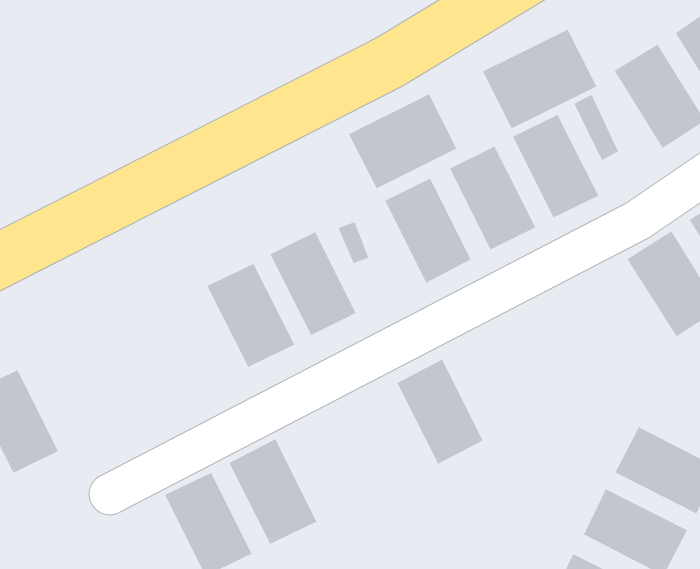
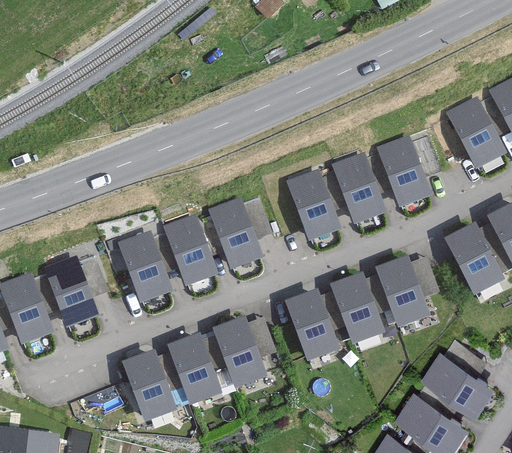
building: [482,29,597,129] -> none
building: [348,93,457,189] -> none
building: none -> [372,258,427,327]
building: none -> [119,233,174,302]
building: none -> [329,275,383,344]
building: none -> [45,254,99,323]
building: none -> [211,318,266,387]

